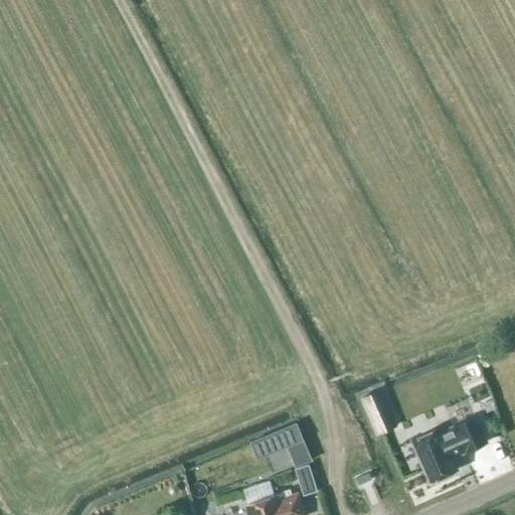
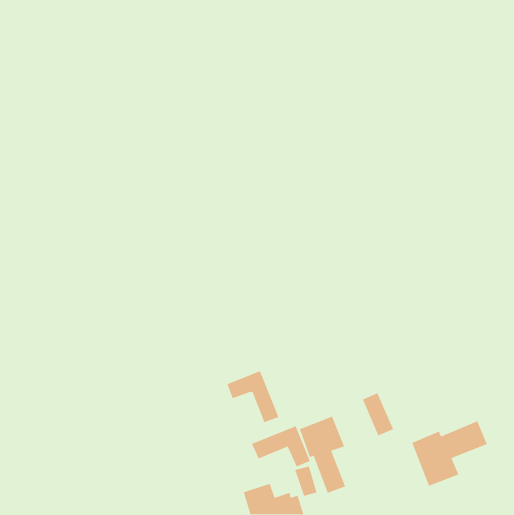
building: none -> [226,370,279,423]
building: none -> [299,415,346,494]

